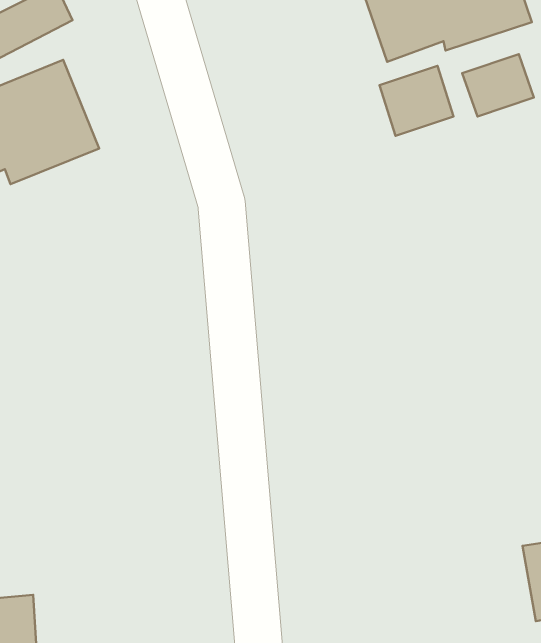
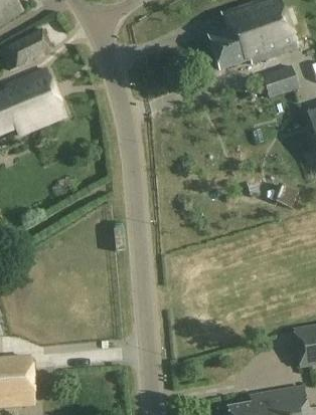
building: [379,66,454,136] -> none

